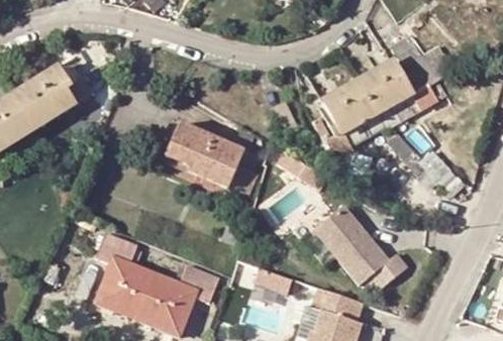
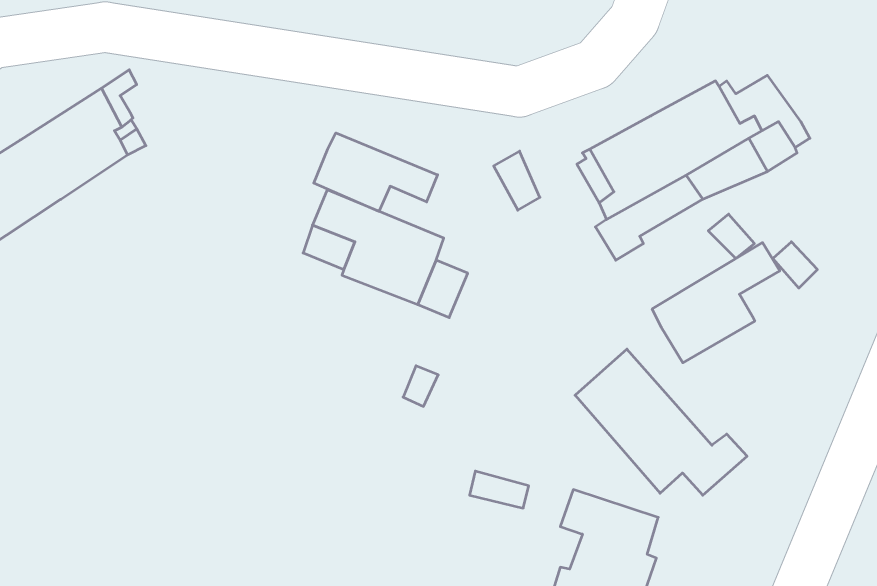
building: none -> [314,133,438,211]
building: none -> [652,243,780,363]
building: [95,228,219,334] -> none

